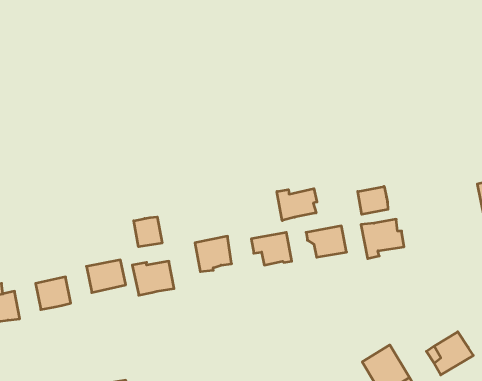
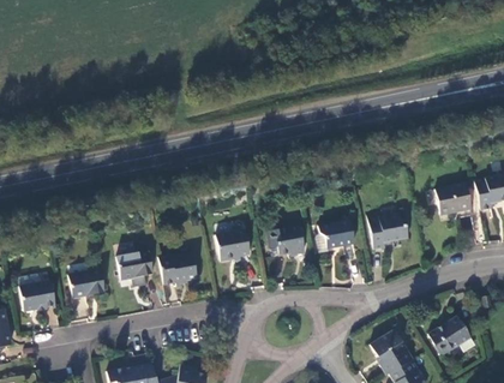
building: [358,186,388,214] -> none
building: [277,189,317,221] -> none
building: none -> [437,192,473,223]
building: [134,217,162,247] -> none

